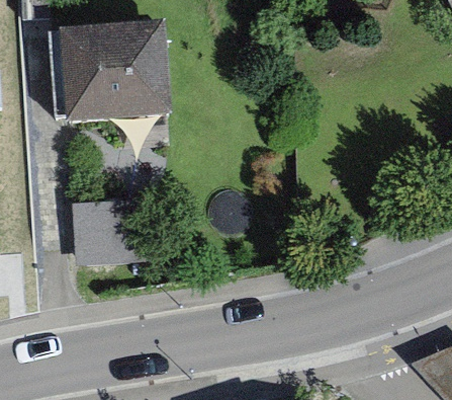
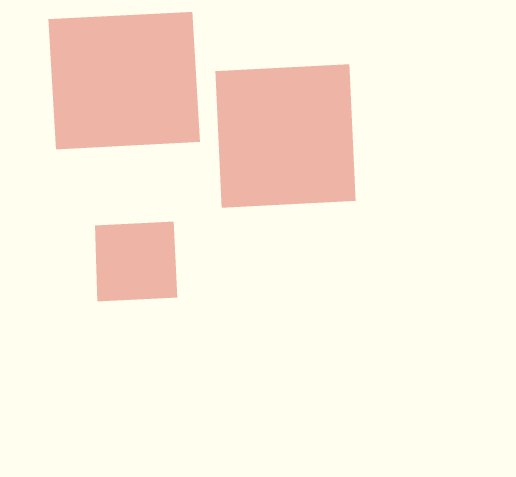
building: none -> [215,64,356,209]

